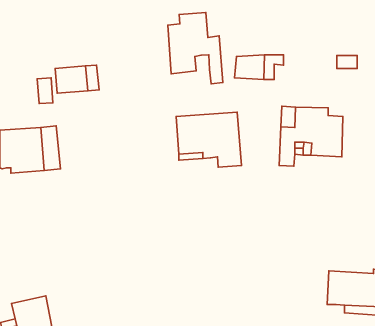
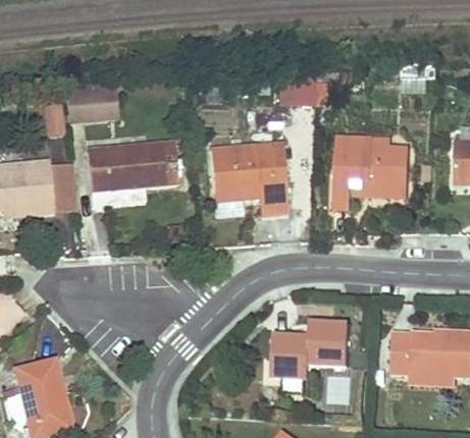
building: [168,13,223,84] -> none
building: none -> [87,143,176,206]
building: none -> [270,323,348,377]

